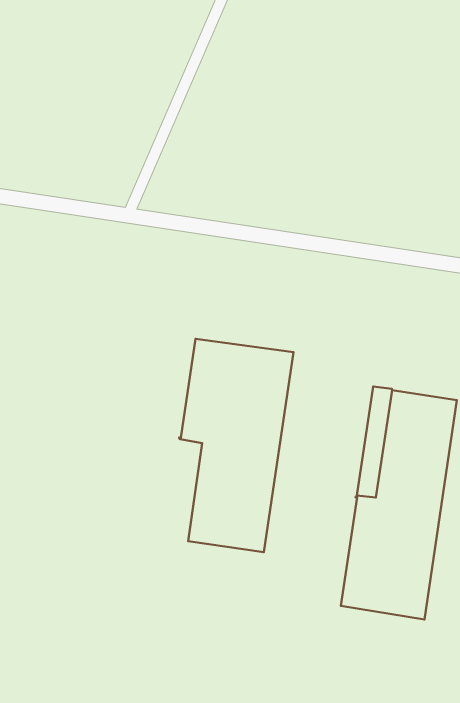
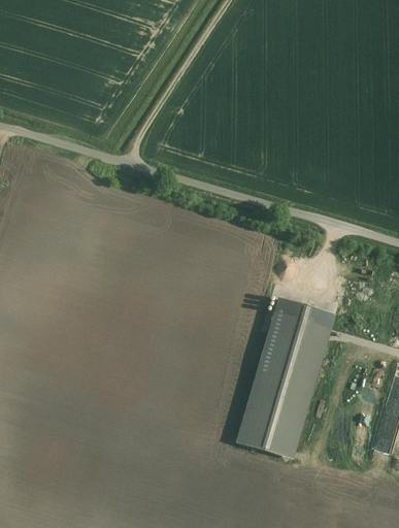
building: [179,339,294,552] -> none

